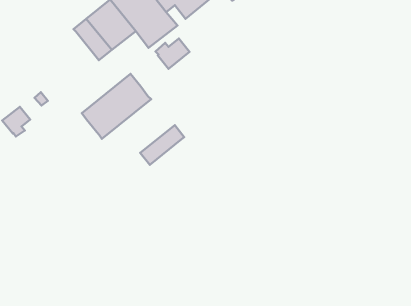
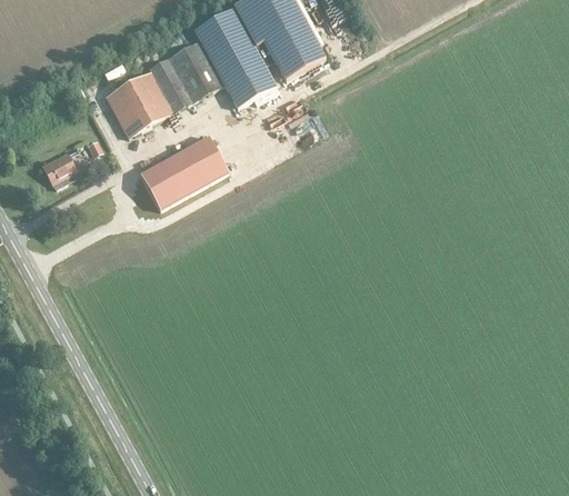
building: none -> [106,71,173,136]
building: [156,38,189,69] -> none
building: [140,125,184,165] -> none

